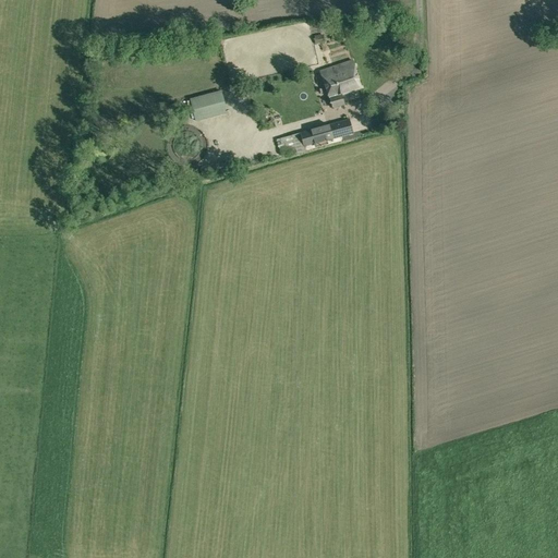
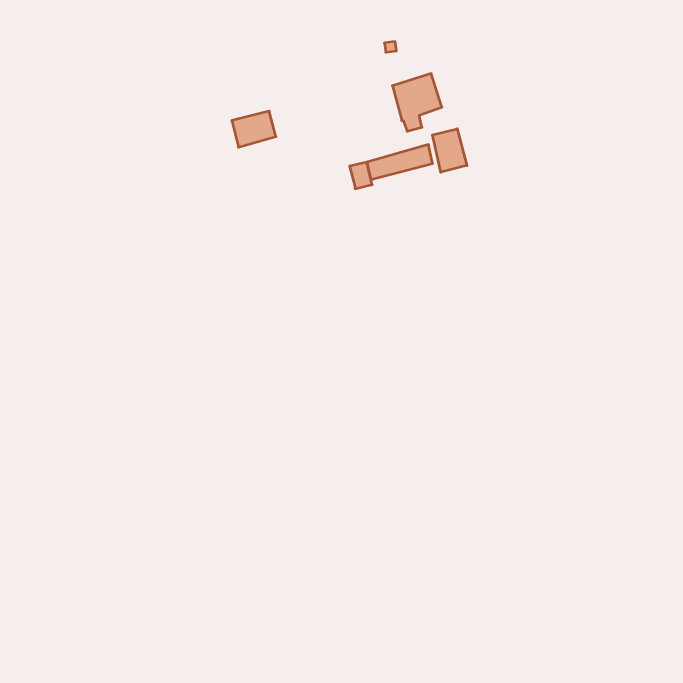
building: none -> [432,129,467,172]

